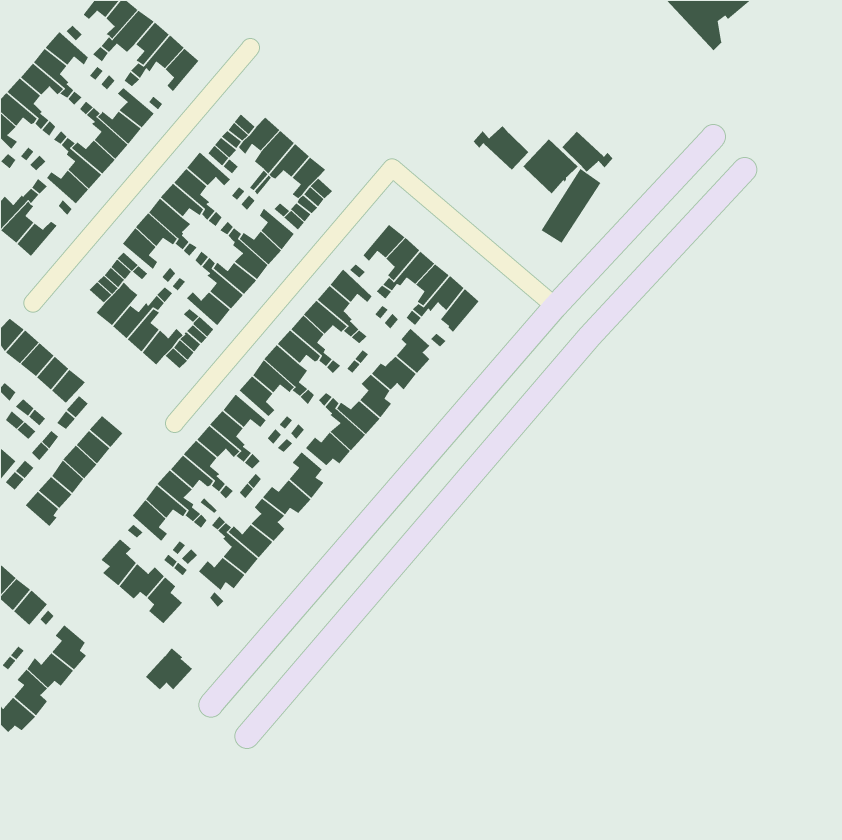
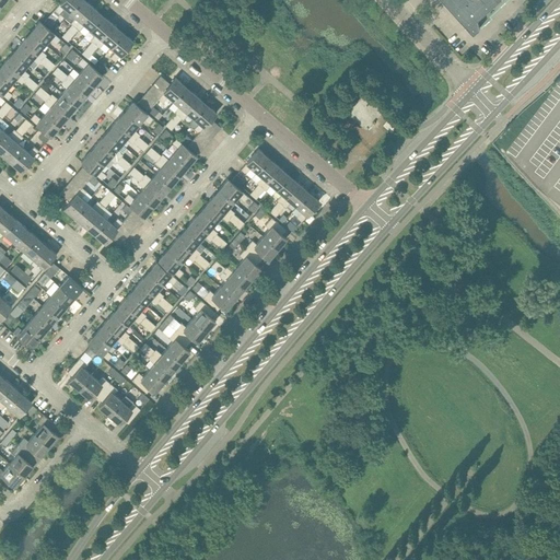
building: [473,125,529,171] -> none
building: [561,131,614,173] -> none
building: [145,647,193,690] -> [108,396,140,424]

